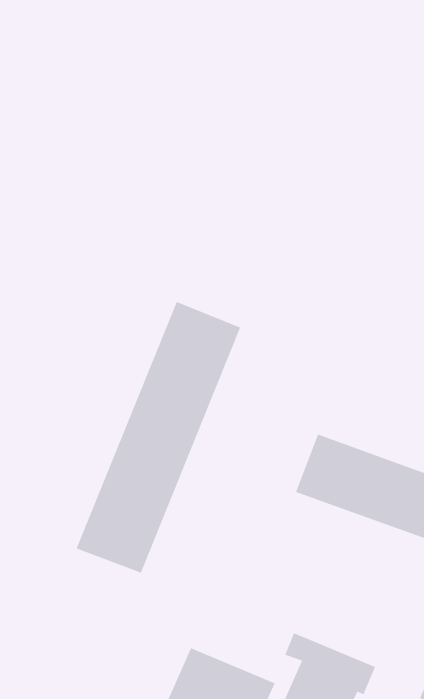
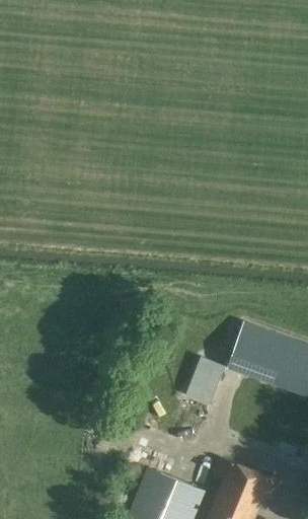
building: [76,301,241,573] -> none
building: none -> [185,357,225,403]

